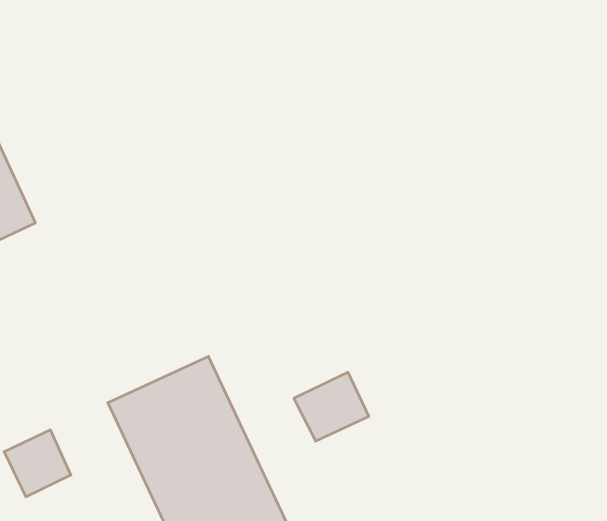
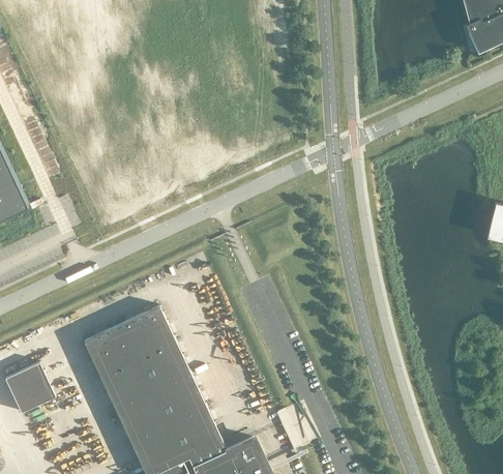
building: [294,372,369,441] -> none

